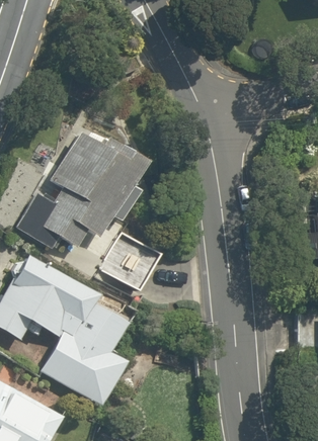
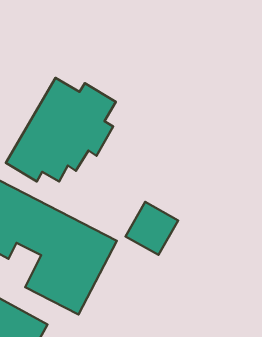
building: [102,231,162,291] -> [126,202,178,255]

